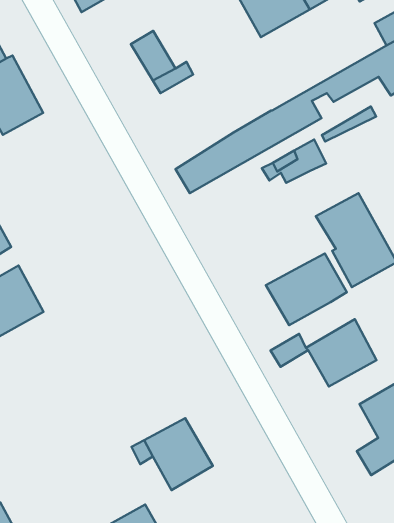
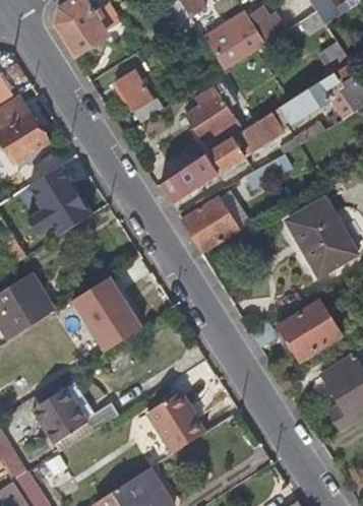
building: none -> [185,83,237,150]
building: none -> [27,168,92,236]
building: [266,253,347,325] -> [182,190,250,252]
building: none -> [71,275,141,351]
building: none -> [34,383,121,451]

